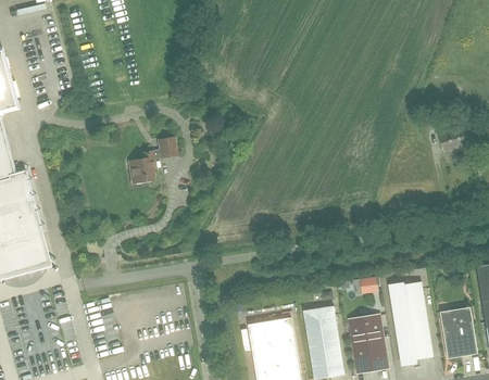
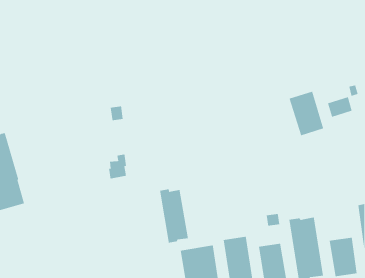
building: none -> [289,91,324,136]
building: [129,151,153,183] -> [108,154,127,179]
building: none -> [160,189,188,244]

